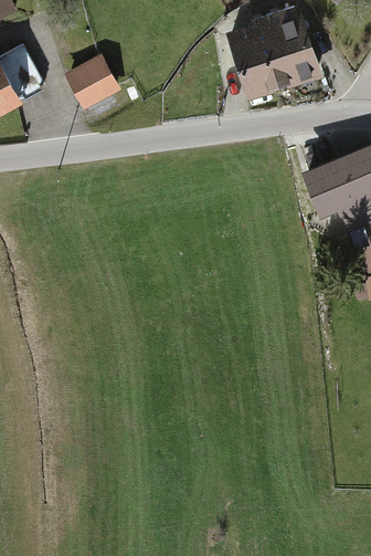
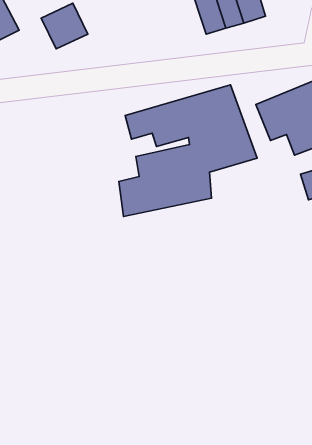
building: none -> [119,85,257,216]

